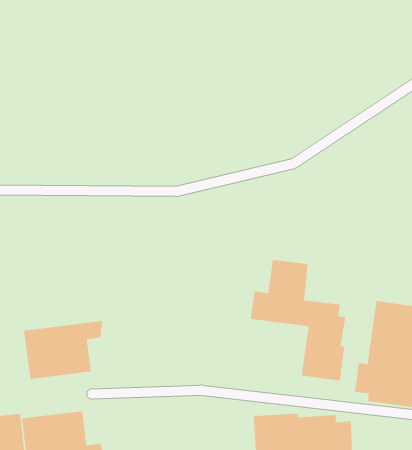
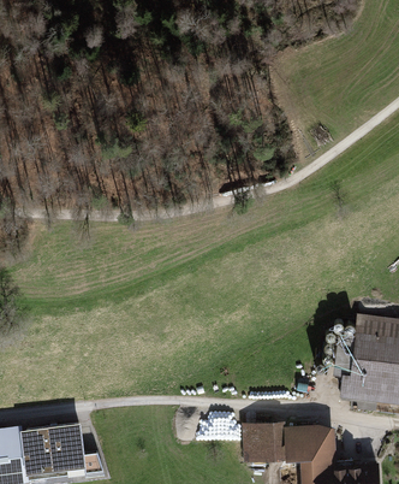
building: [250,259,346,381] -> none
building: [23,320,103,380] -> none

